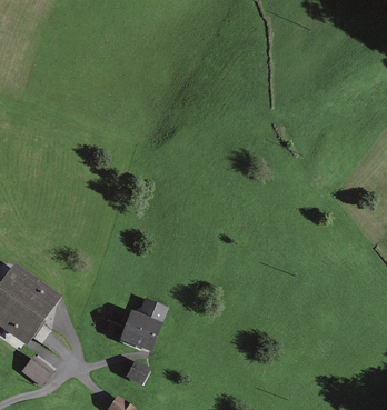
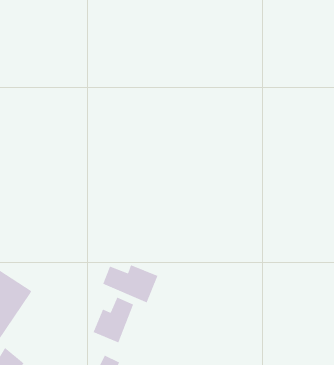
building: none -> [102,264,158,303]

